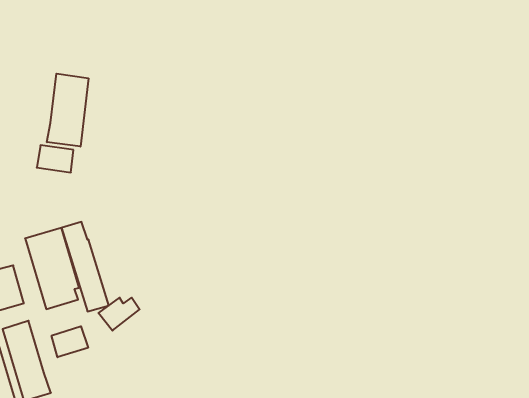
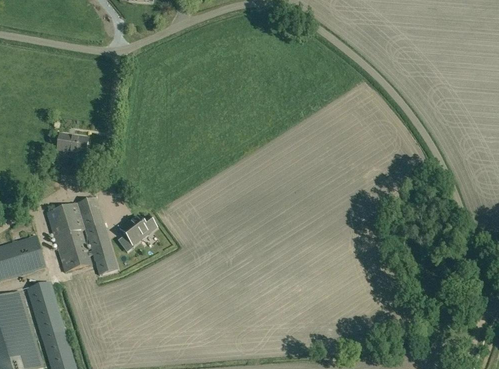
building: [47,74,88,147] -> none
building: [98,298,140,331] -> [120,216,155,244]
building: [52,326,88,357] -> none

